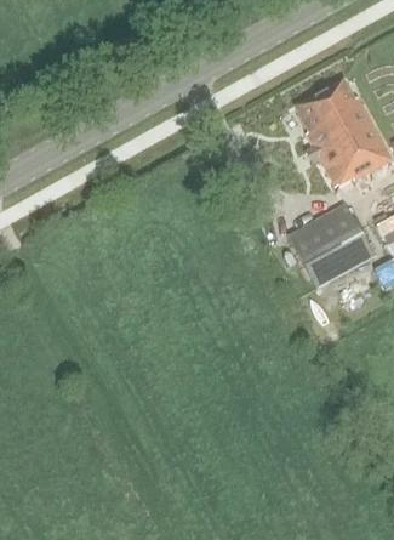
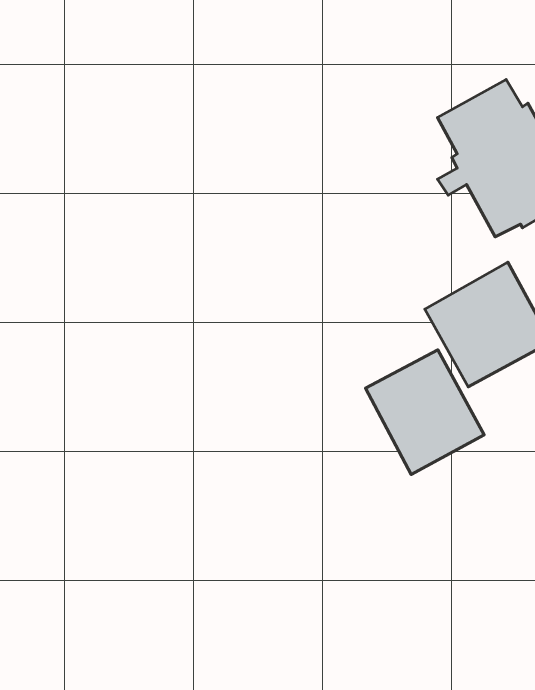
building: none -> [366,350,484,475]

